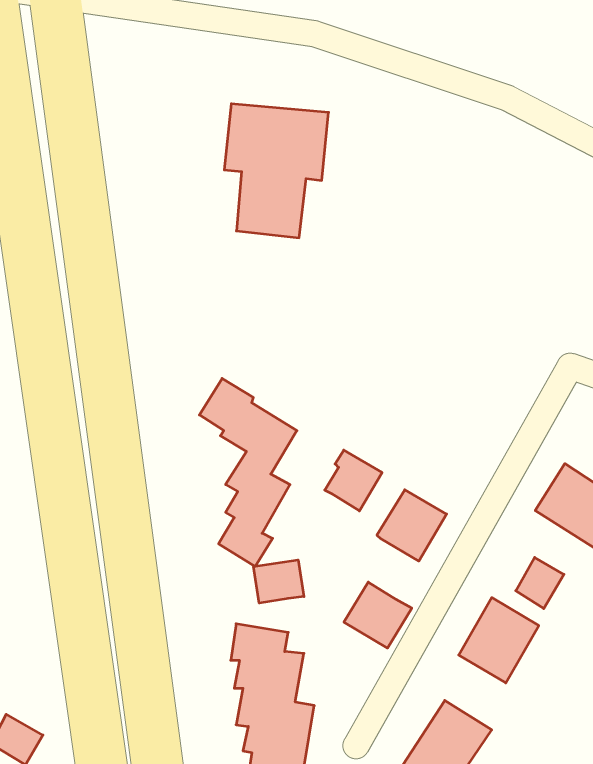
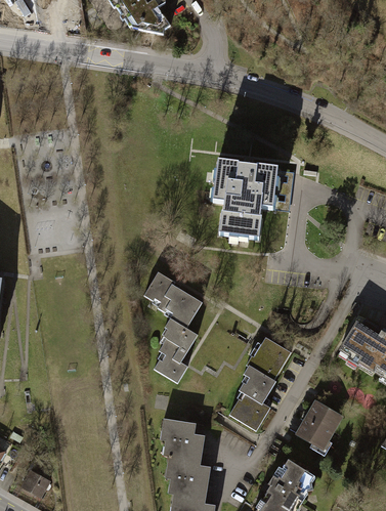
building: [224,104,329,238] -> [212,162,273,241]
building: [325,450,382,511] -> [239,366,272,401]
building: [516,557,564,609] -> none
building: [254,560,304,603] -> none

